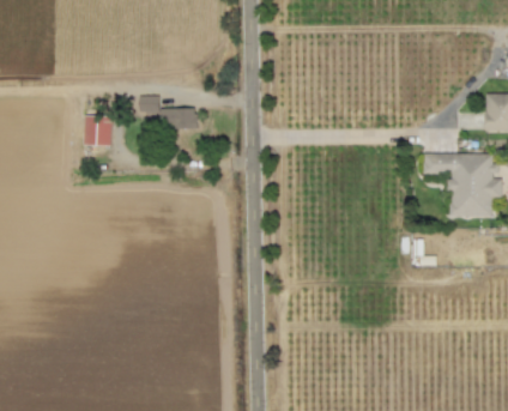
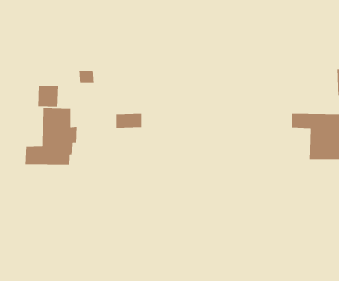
building: [161,108,196,129] -> [115,113,142,129]
building: none -> [25,107,78,165]

